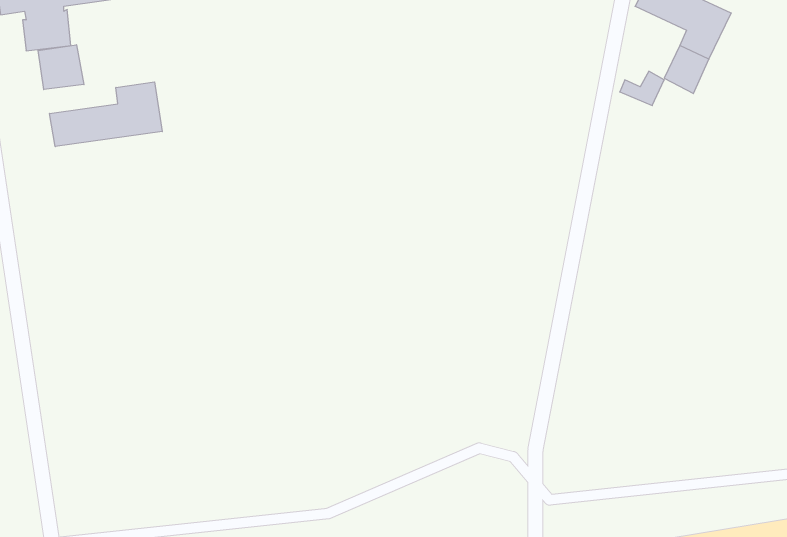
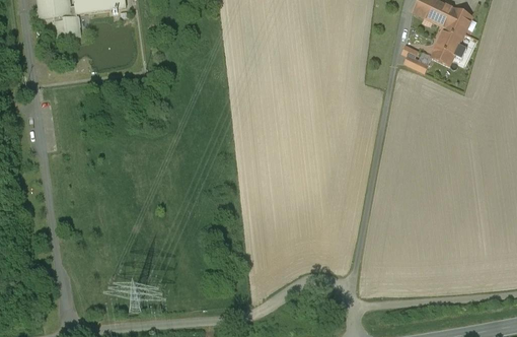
building: [38,45,84,90] -> none
building: [50,82,162,147] -> none

